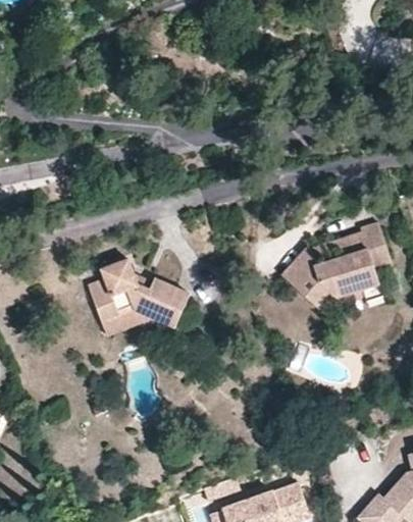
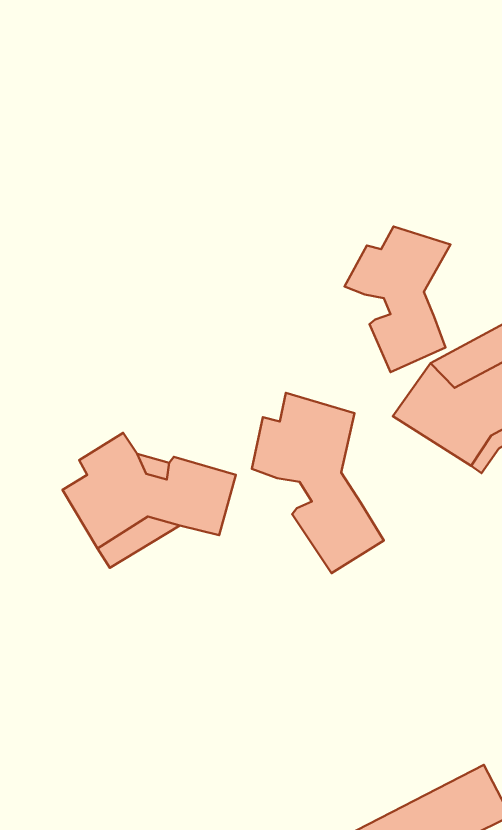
building: none -> [344,226,450,372]
building: none -> [252,393,384,573]

